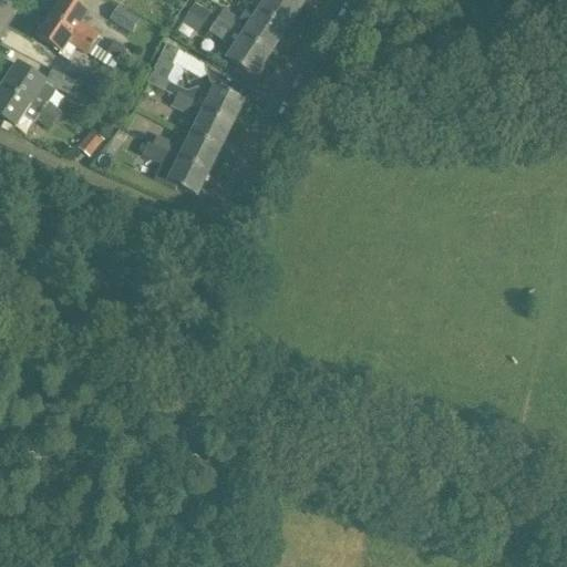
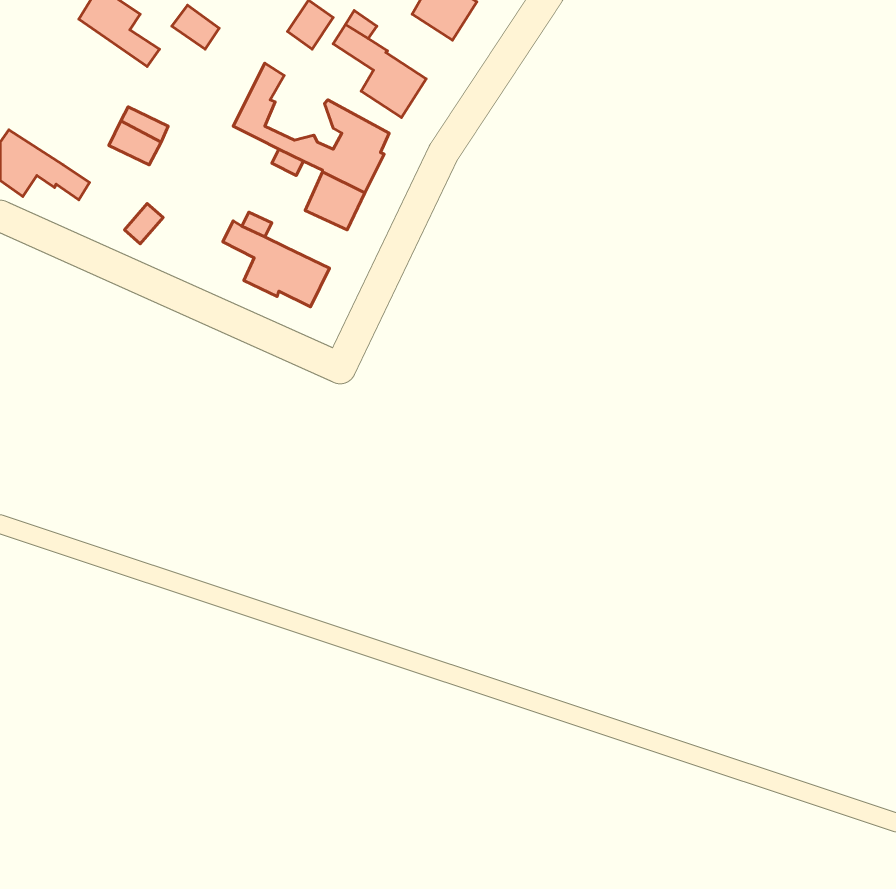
building: [244,9,286,50] -> none
building: [35,12,109,61] -> none
building: [6,62,60,115] -> none
building: [181,133,219,169] -> none

